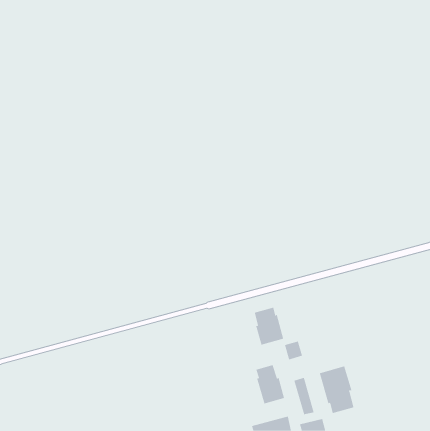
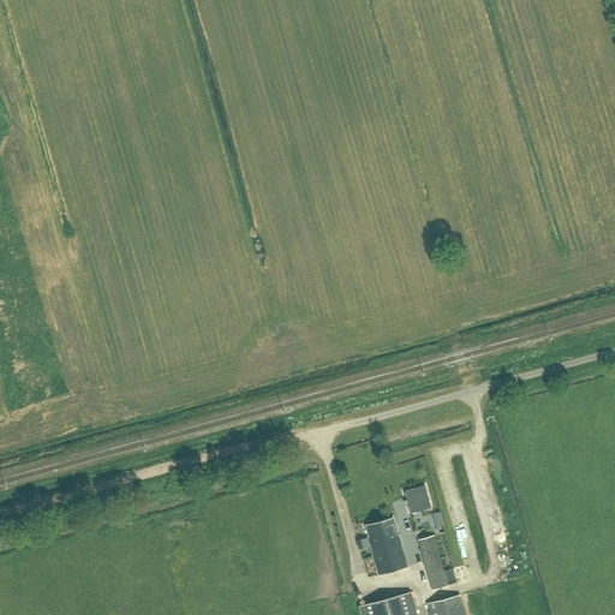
building: [254,307,284,346] -> none
building: [319,365,354,414] -> none

